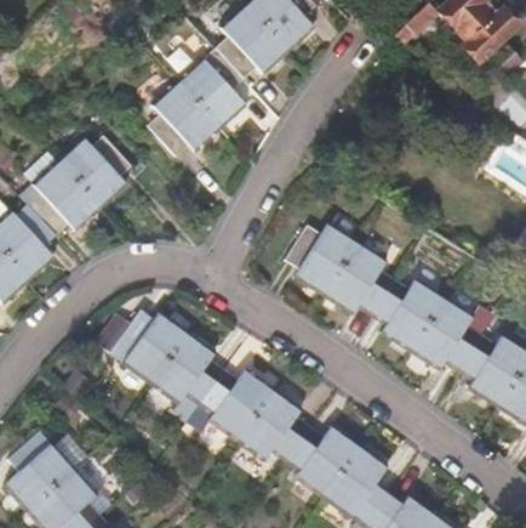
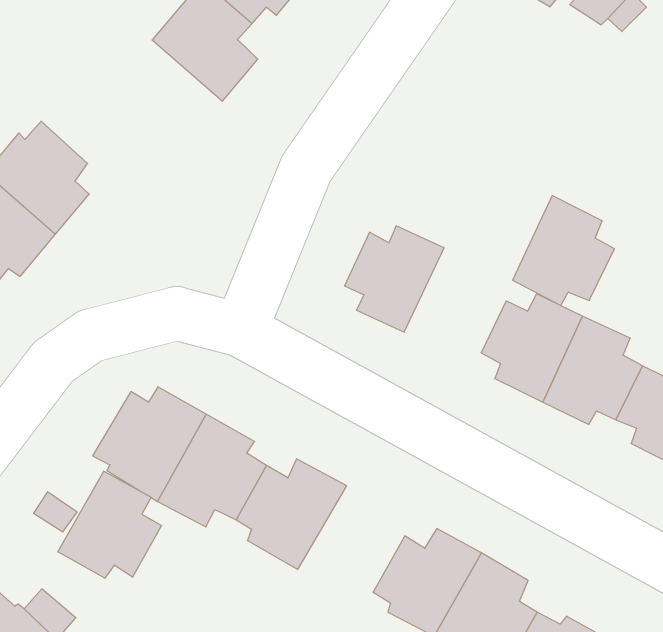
building: [147,80,221,151] -> none
building: [325,240,395,314] -> [512,196,614,306]
building: none -> [58,471,162,578]
building: [236,392,310,465] -> none

